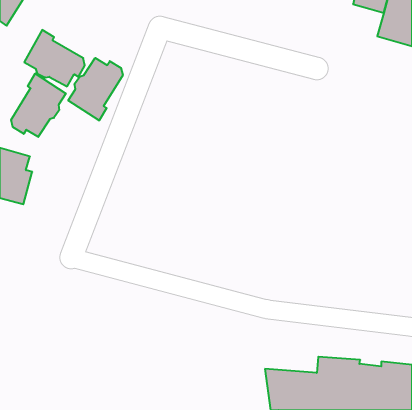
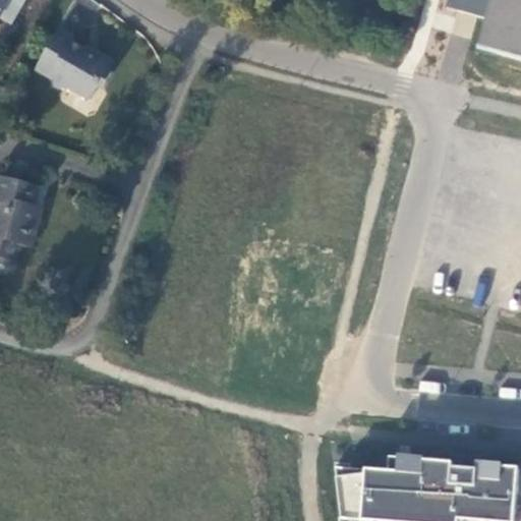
building: [68,58,123,121] -> none
building: [11,73,66,137] -> none

